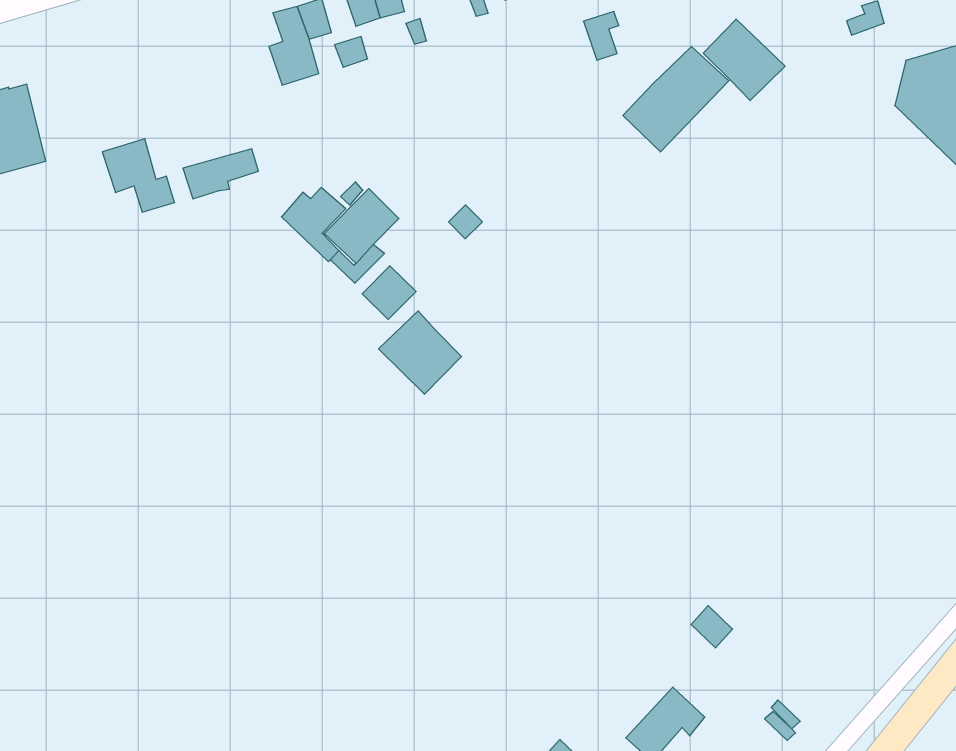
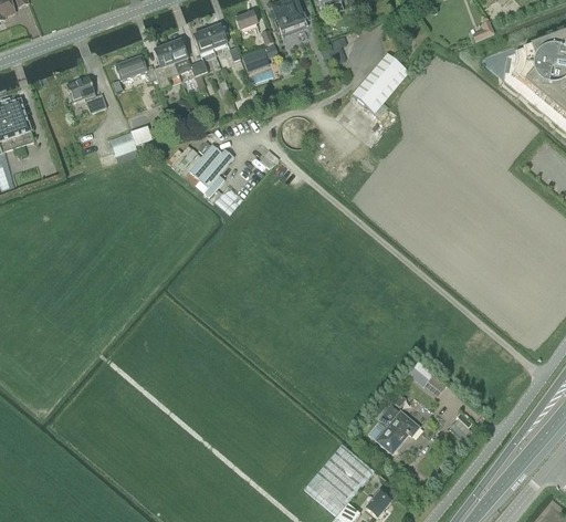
building: none -> [241,43,277,72]
building: [703,19,785,101] -> none
building: none -> [115,53,147,79]
building: [102,139,175,212] -> [65,72,107,113]
building: [379,311,462,394] -> none

